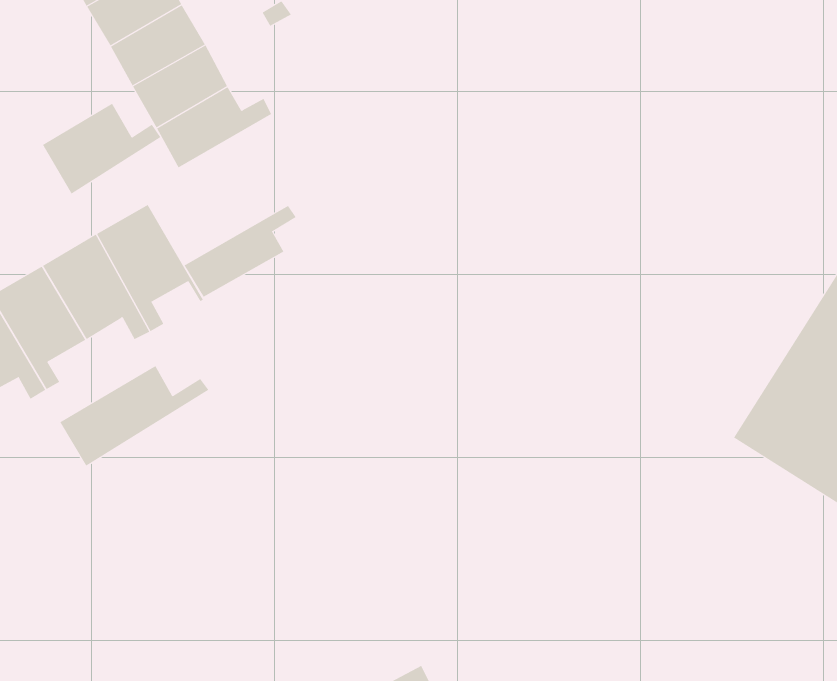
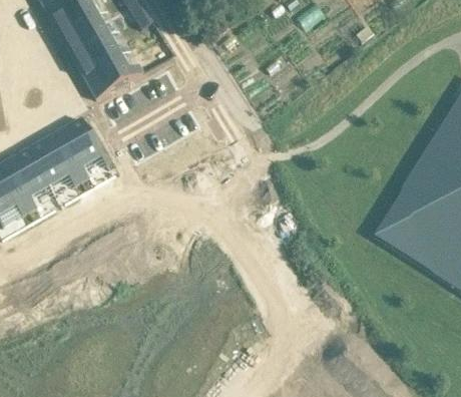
building: [42,103,161,194] -> none
building: [184,205,297,298] -> none
building: [60,365,209,467] -> none

